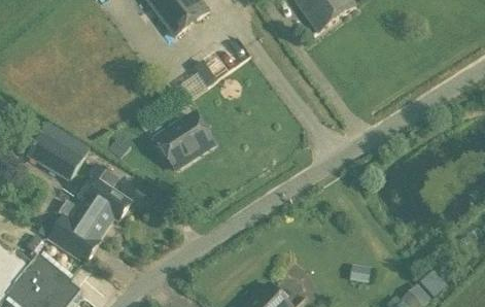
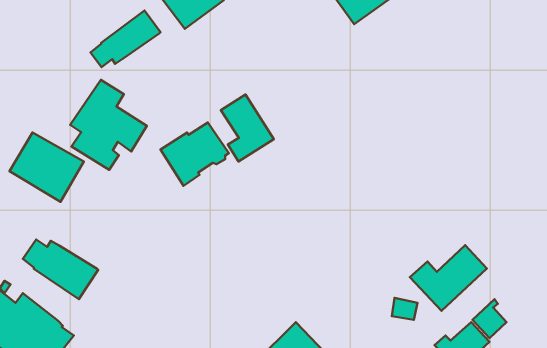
building: none -> [91,10,160,67]
building: none -> [221,94,274,162]
building: [68,161,133,237] -> [70,80,147,170]
building: none -> [410,245,487,311]

